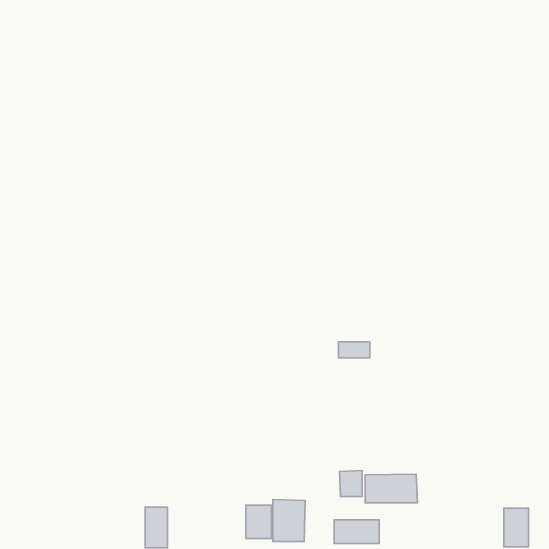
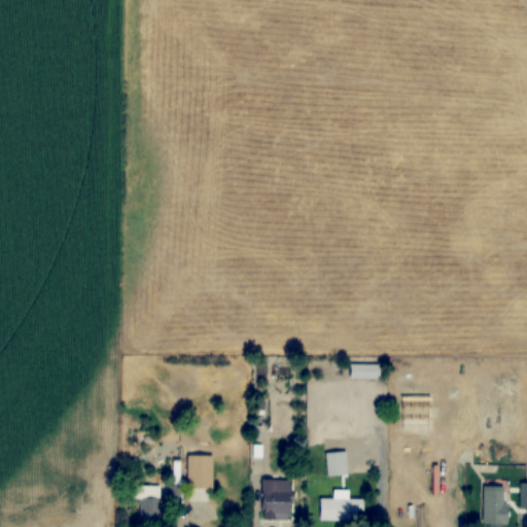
building: [339,342,370,358] -> [350,363,380,379]
building: [365,474,418,503] -> none
building: [246,505,272,539] -> [188,455,213,487]

